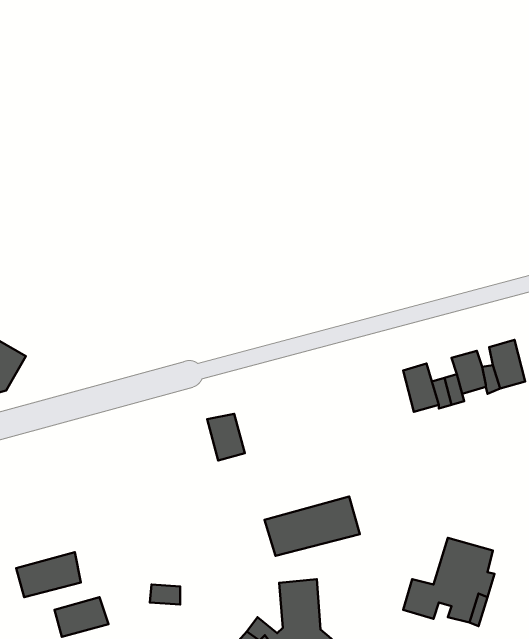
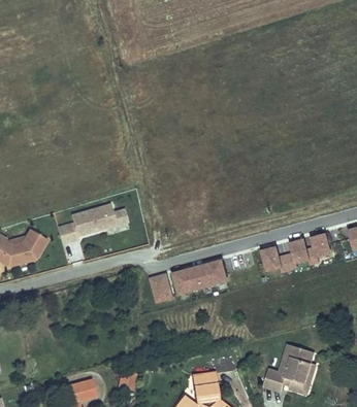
building: none -> [58,205,118,245]
building: [265,497,360,556] -> [174,259,229,293]
building: [16,552,81,597] -> none

